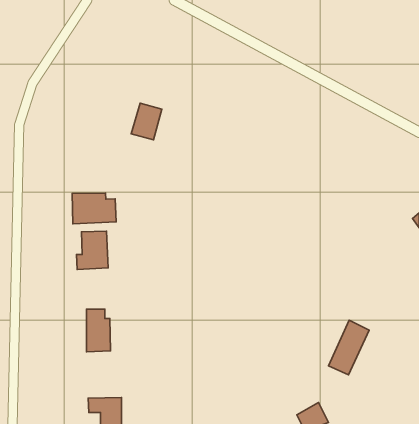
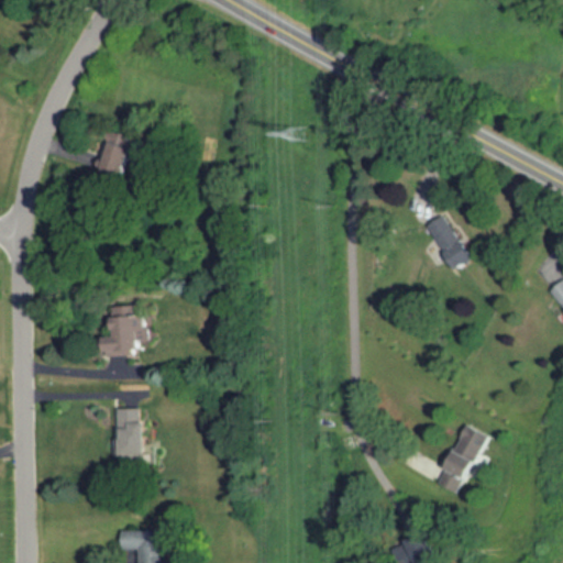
building: [131,103,162,140] -> [90,131,131,179]
building: none -> [422,213,470,269]
building: [72,193,116,224] -> none

